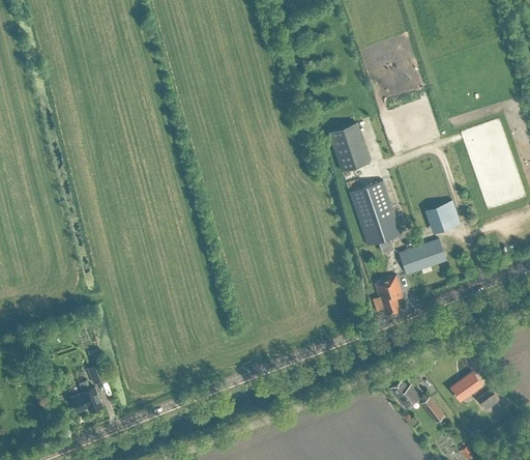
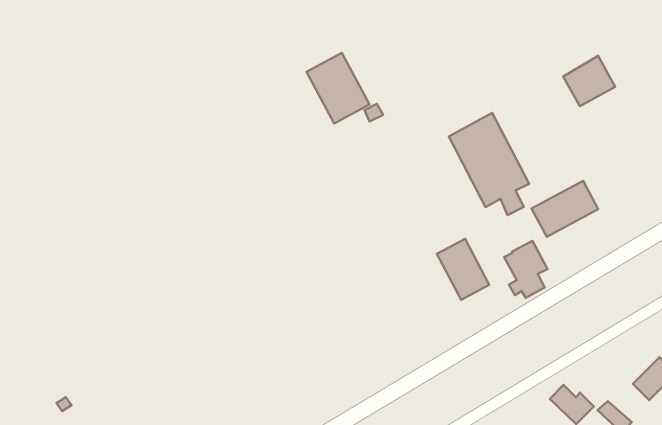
building: [329,123,370,172] -> [307,53,370,124]
building: [425,200,461,233] -> [563,56,615,106]
building: none -> [437,239,489,300]

